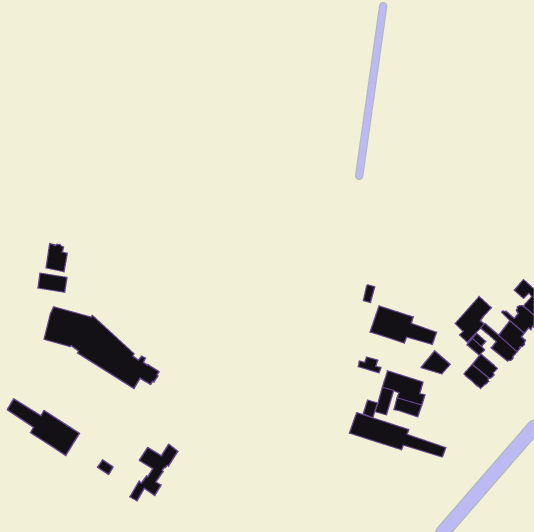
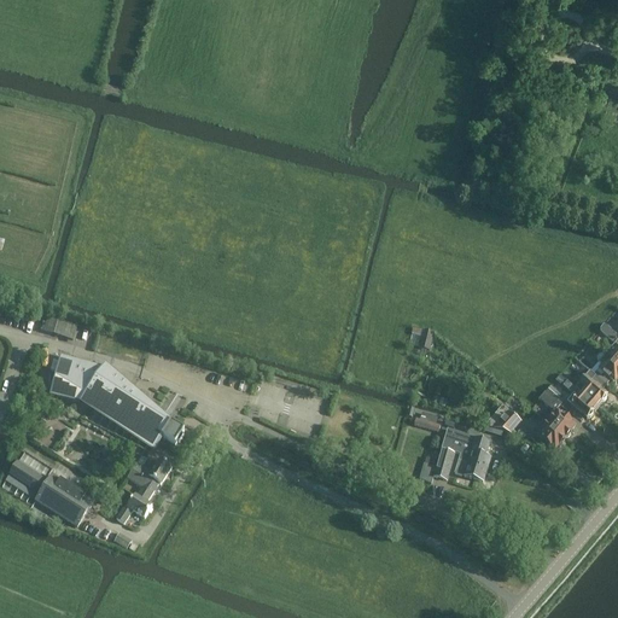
building: [46,243,67,272] -> none
building: [455,296,492,342] -> none
building: [370,306,437,345] -> none
building: [349,413,446,457] -> none
building: [130,444,178,501] -> [115,457,170,523]

